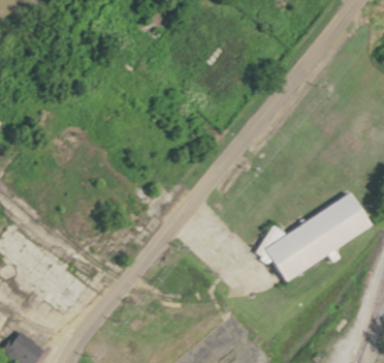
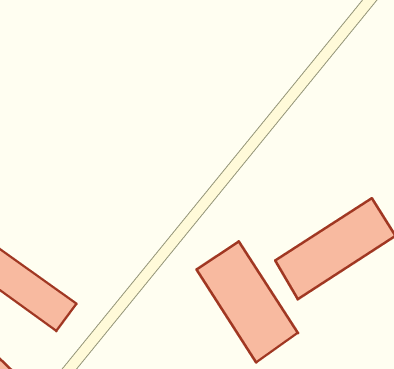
building: none -> [197,241,298,362]

